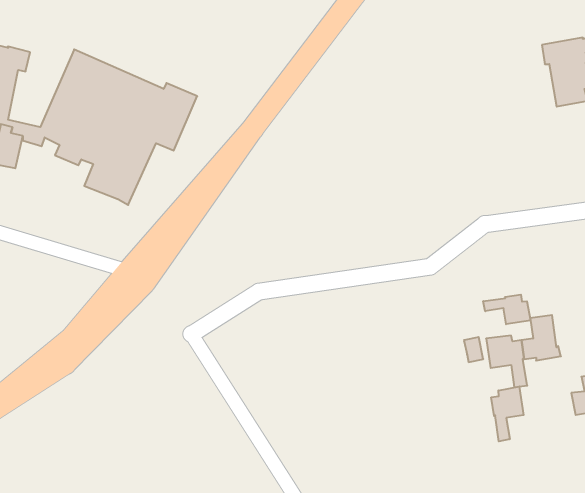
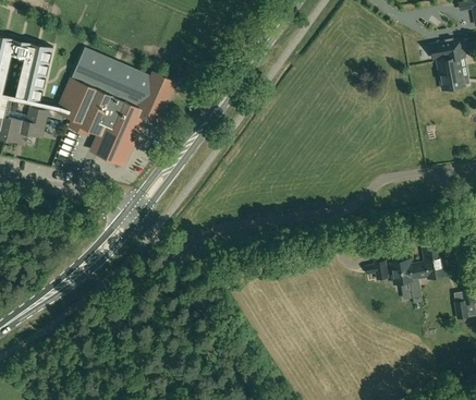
building: [483,295,531,324] -> none
building: [491,386,524,441] -> none

